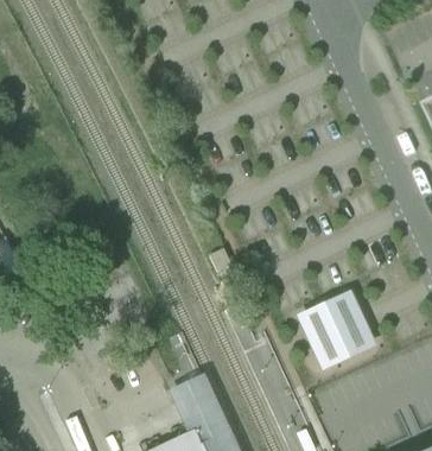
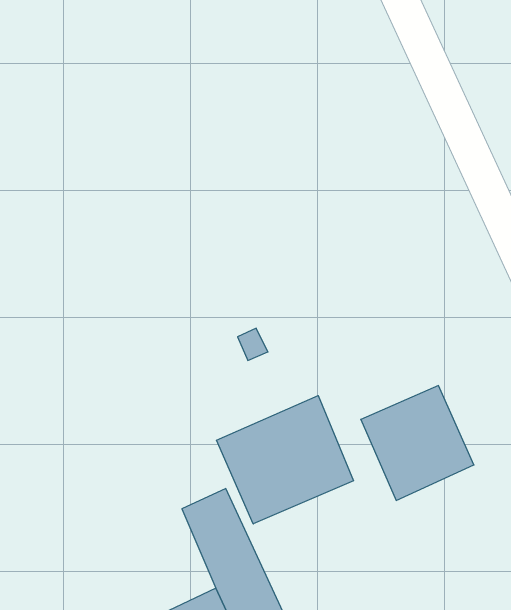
building: none -> [216,396,354,524]

